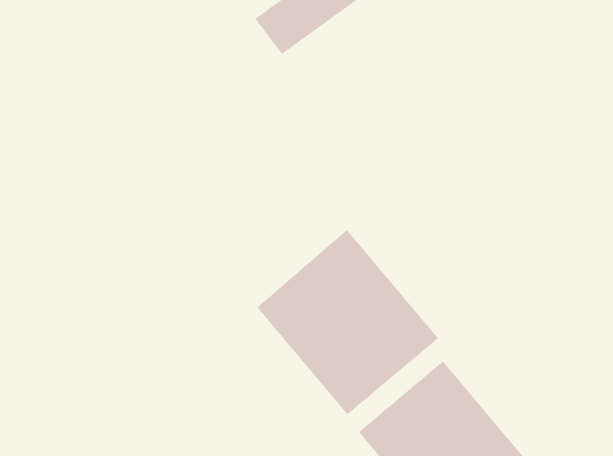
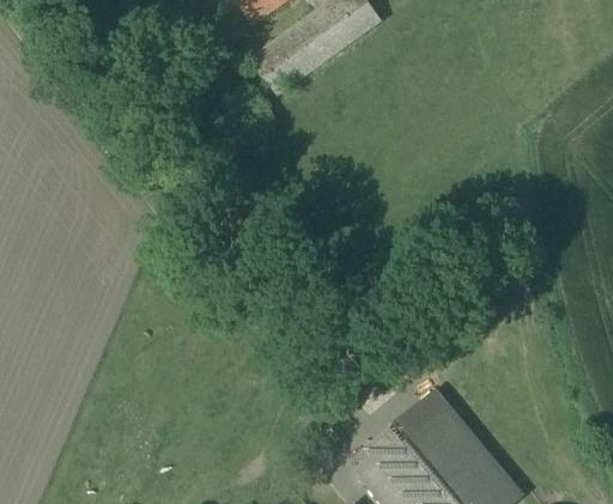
building: [257,229,439,415] -> none

